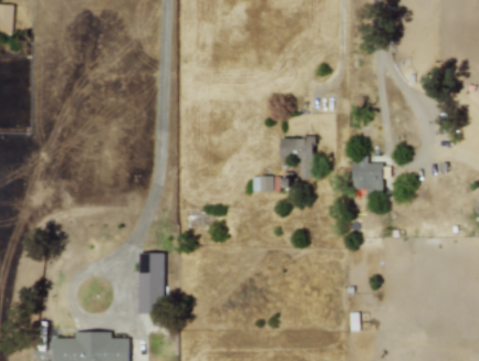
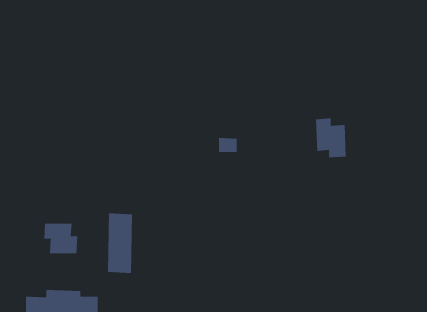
building: [281,137,314,178] -> none
building: none -> [44,223,78,254]

